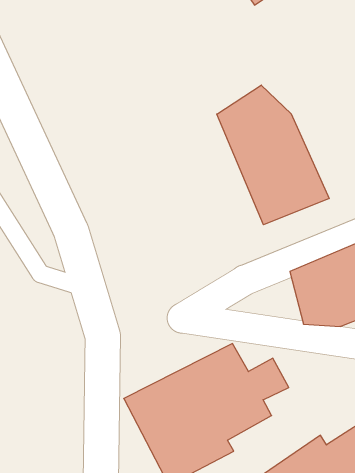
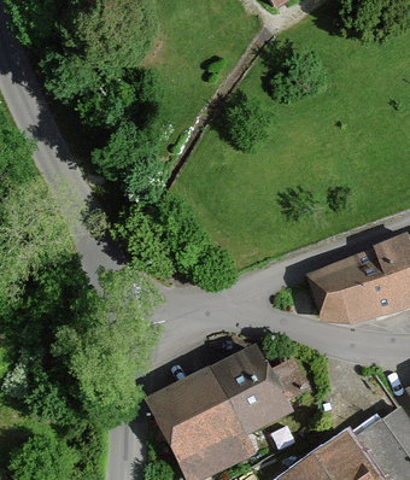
building: [217,85,329,225] -> none

